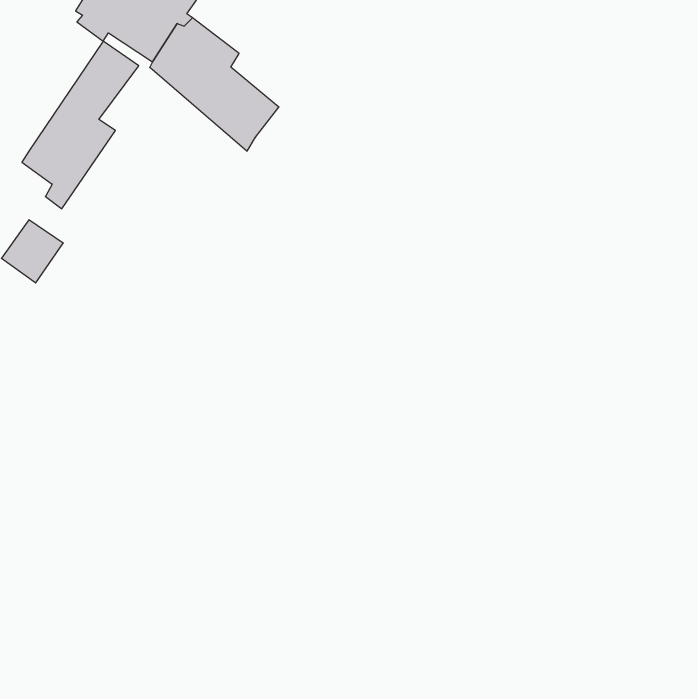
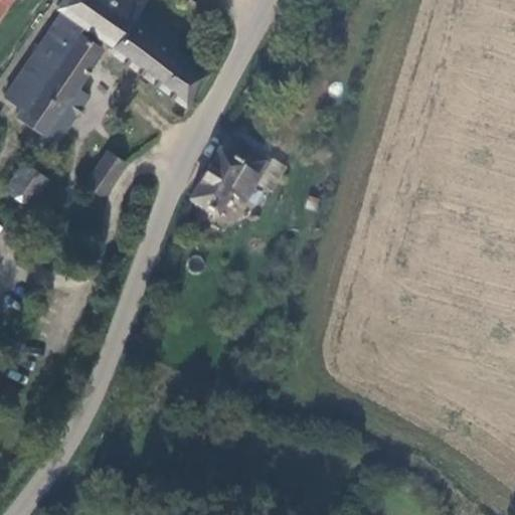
building: none -> [7,16,78,111]
building: none -> [189,139,270,221]
building: none -> [88,151,126,194]

